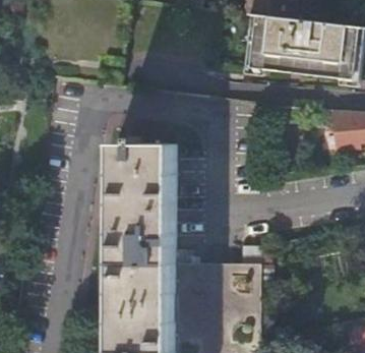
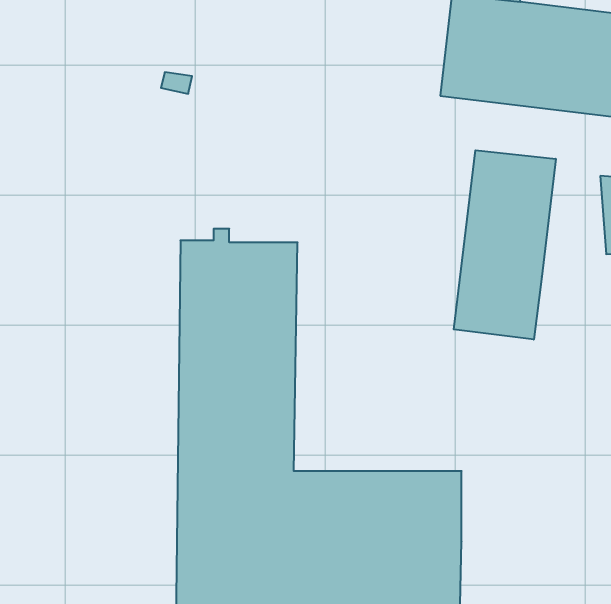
building: none -> [454,150,556,340]

